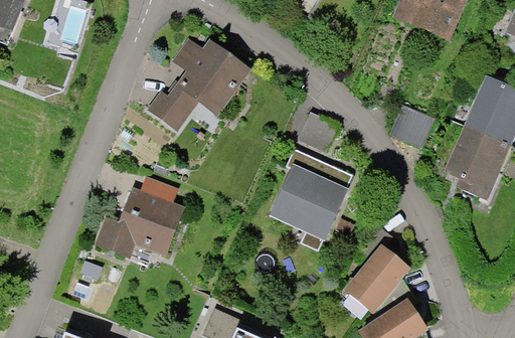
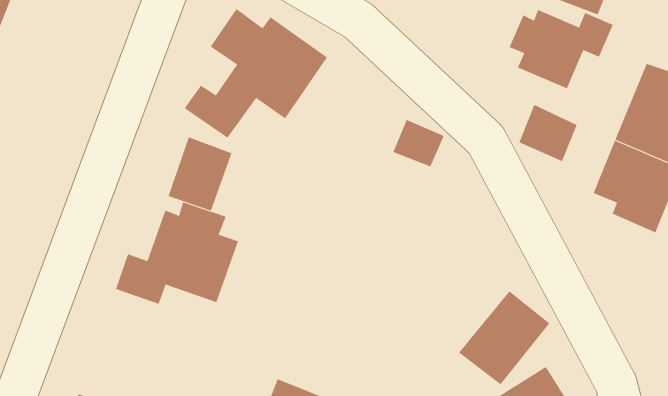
building: none -> [509,9,613,89]
building: none -> [168,137,232,211]
building: [265,150,353,238] -> none

